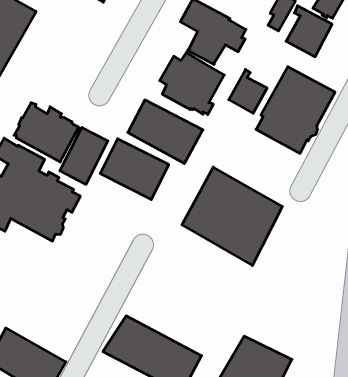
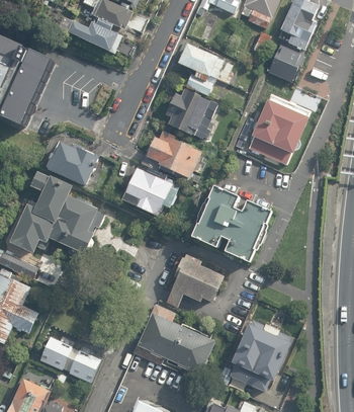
building: [229,69,267,113] -> none
building: [60,127,108,184] -> none
building: none -> [163,256,223,307]

